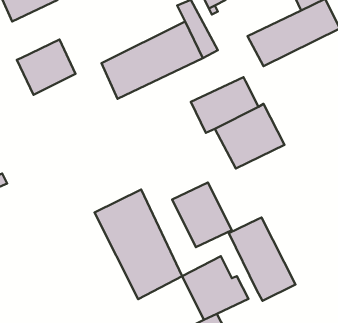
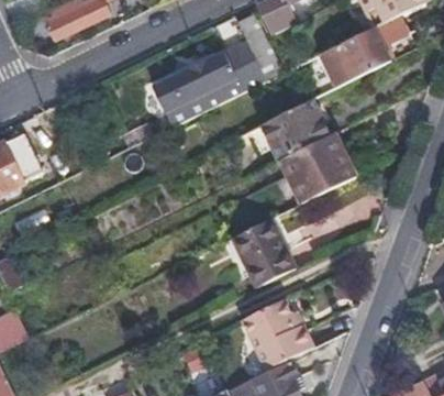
building: [17,39,75,95] -> none
building: [95,189,182,299] -> none
building: [229,217,295,301] -> none

